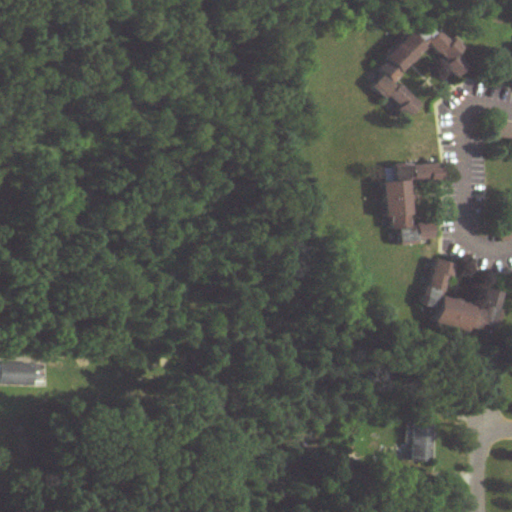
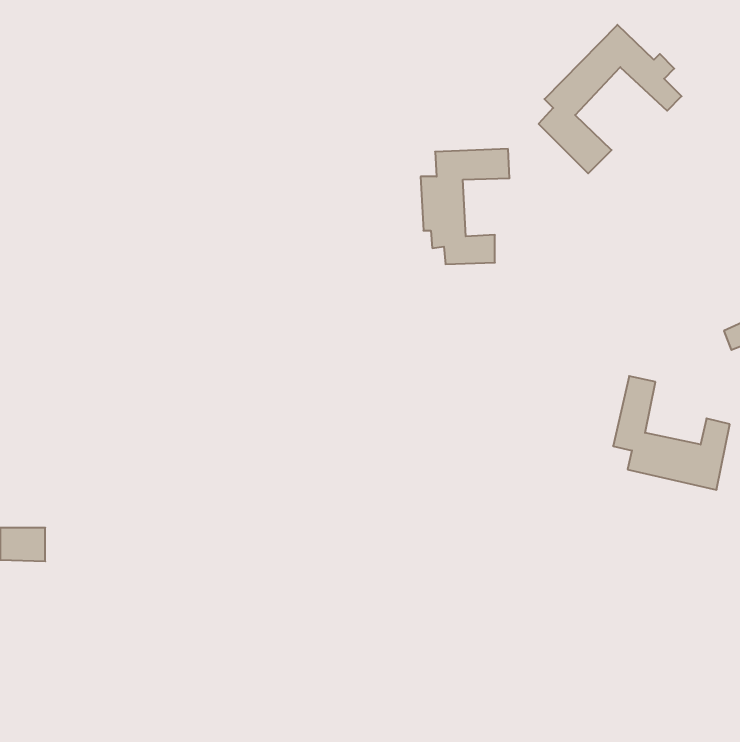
building: [383,162,444,241] -> [421,149,510,264]
building: [413,423,434,461] -> none

